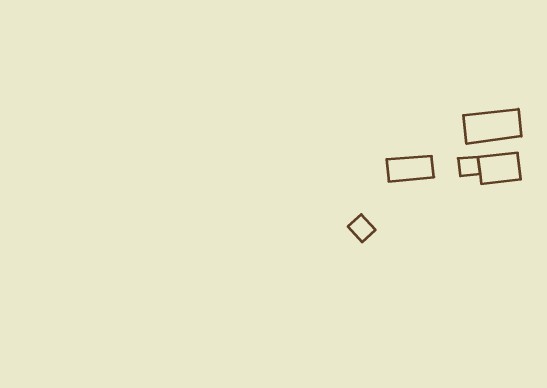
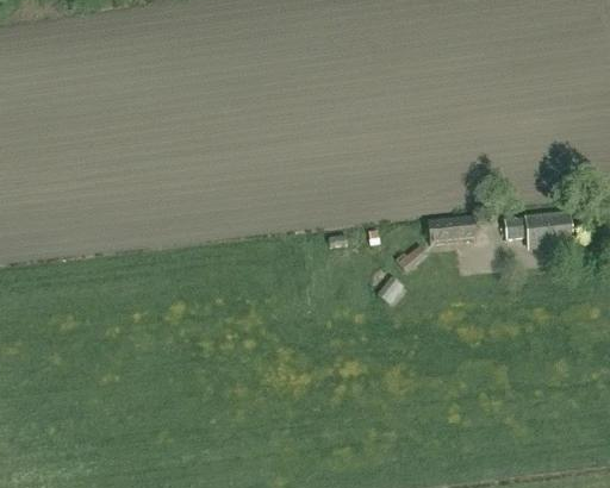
building: [463,109,521,144] -> none

